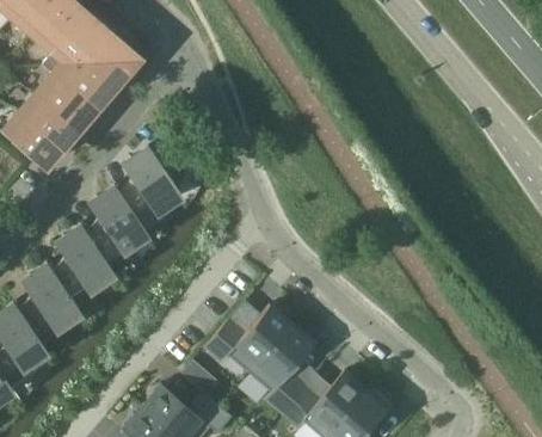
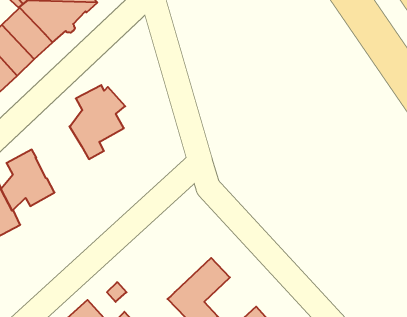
building: [87,186,146,256] -> none
building: [203,303,291,373] -> none

